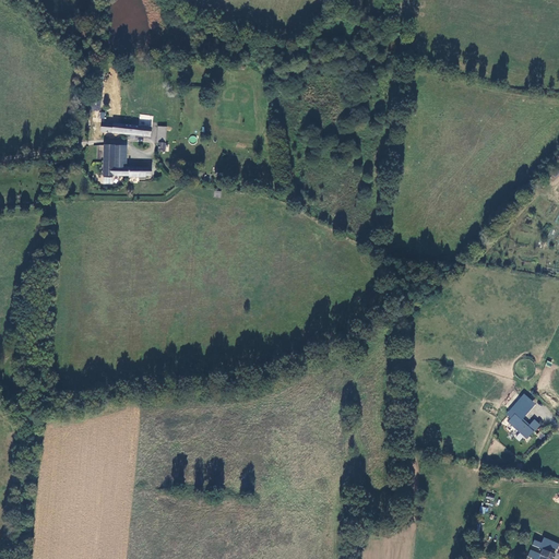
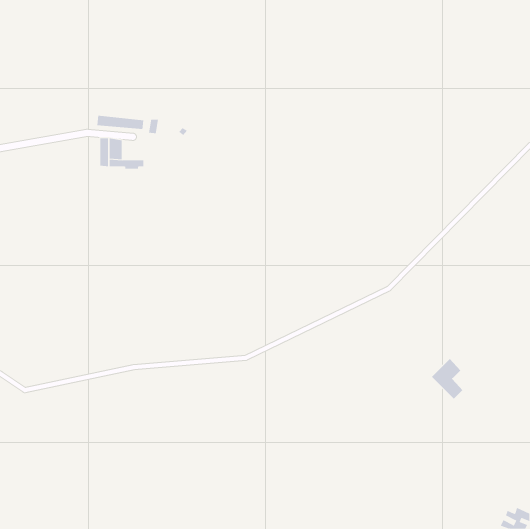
building: [501,397,535,441] -> [431,358,463,400]

